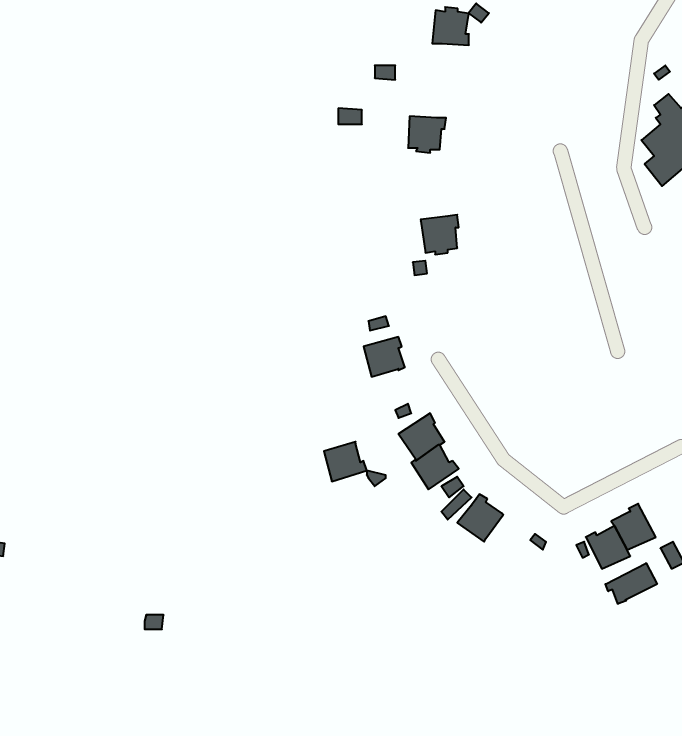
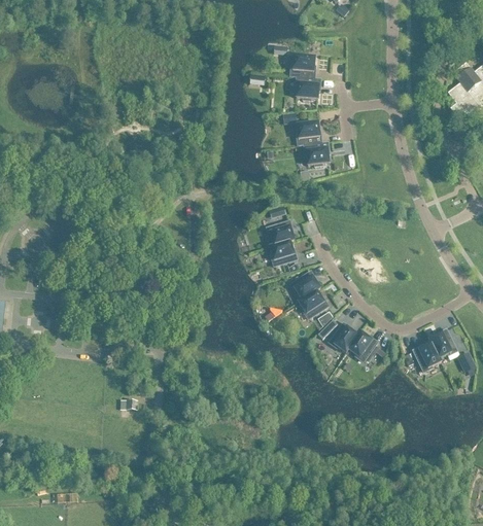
building: [432,7,469,45] -> [290,54,314,78]
building: none -> [296,120,321,146]
building: [324,442,367,481] -> [269,241,297,267]
building: none -> [346,331,377,363]
building: [605,563,657,604] -> none

